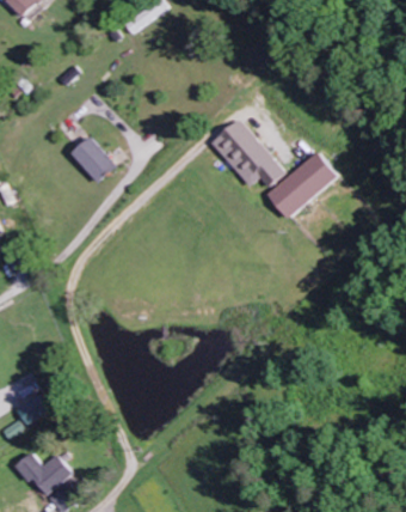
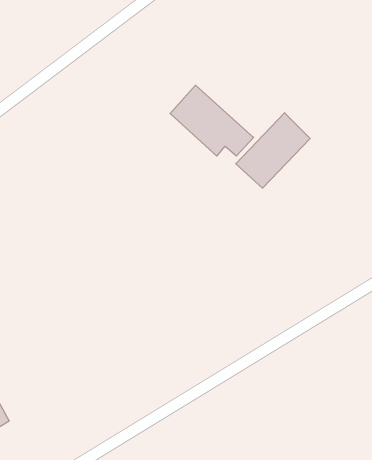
building: [70,136,116,182] -> none

